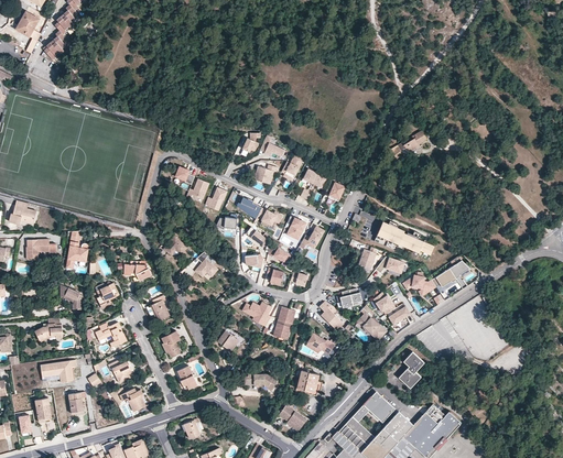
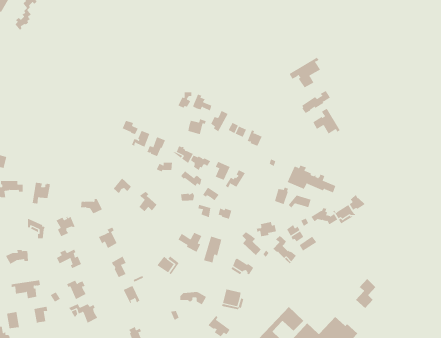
building: none -> [289,57,321,88]
building: none -> [312,108,340,135]
building: [399,351,424,389] -> [355,278,376,309]

